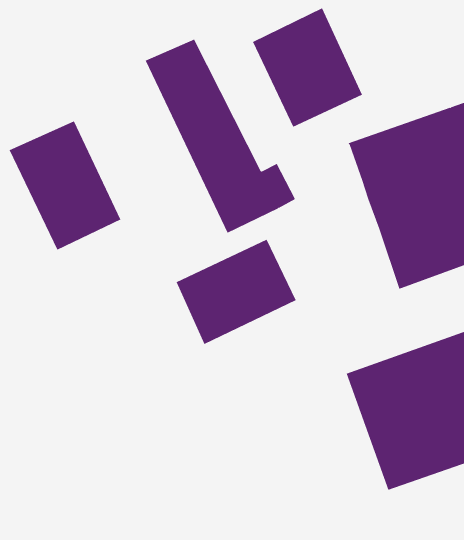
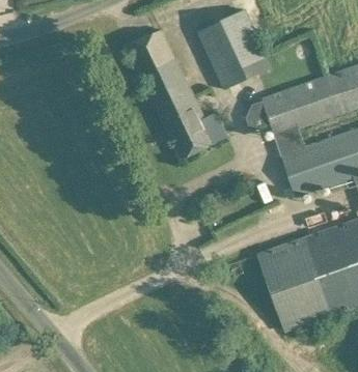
building: [9,120,121,250] -> none
building: [176,239,296,345] -> none

